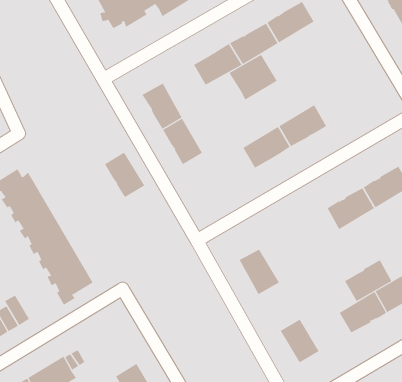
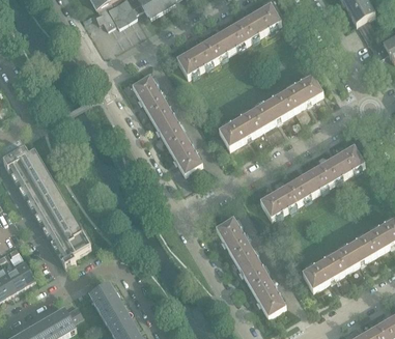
building: [229,54,278,100] -> none
building: none -> [281,74,322,110]
building: [104,152,145,198] -> [167,133,202,172]
building: [344,260,392,302] -> [260,180,302,217]
building: none -> [232,245,269,286]
building: none -> [90,282,128,326]

